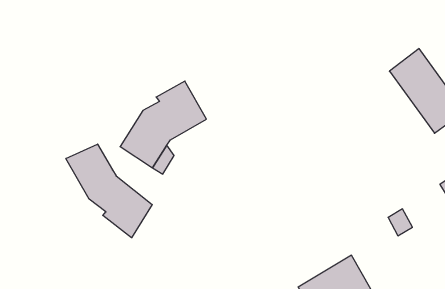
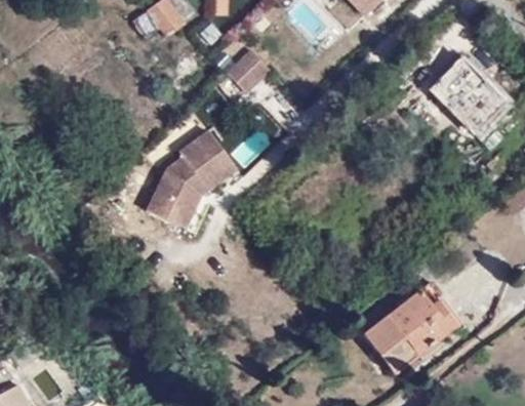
building: none -> [229,46,273,89]
building: [66,144,152,238] -> none

